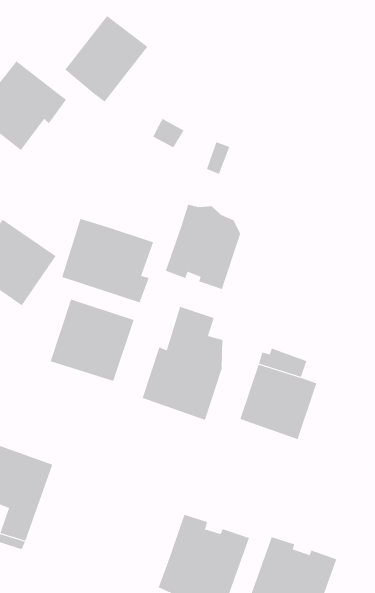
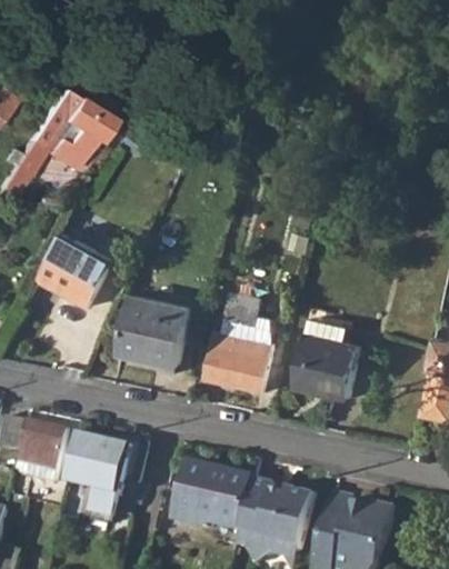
building: [64,15,148,102] -> none
building: [165,204,241,290] -> none
building: [62,218,154,303] -> none
building: none -> [176,461,252,528]

